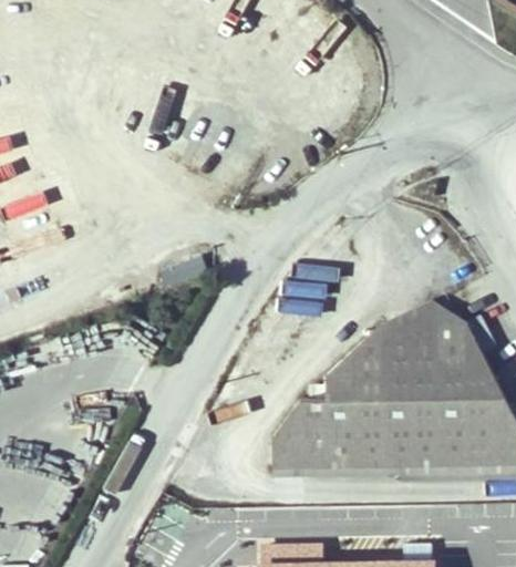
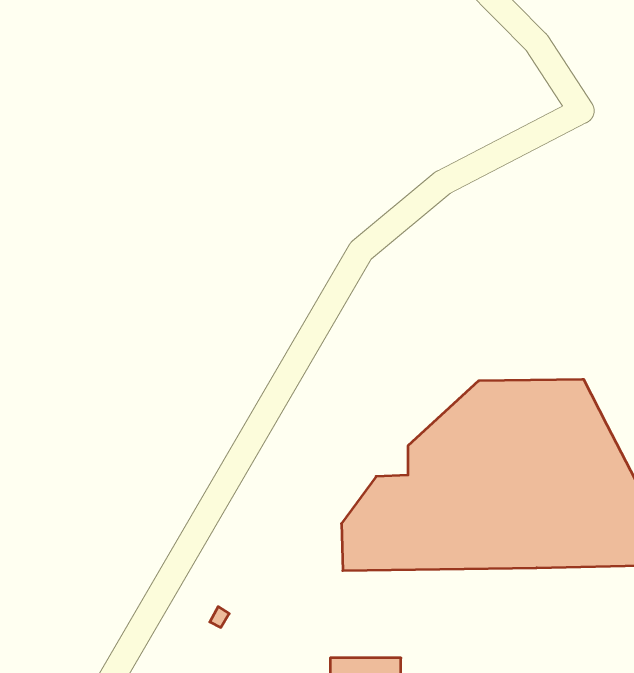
building: [383,302,466,326] -> none

